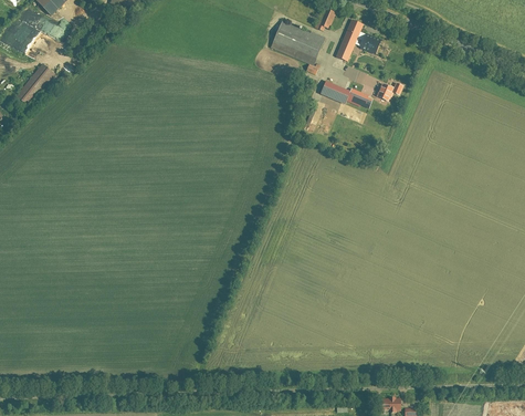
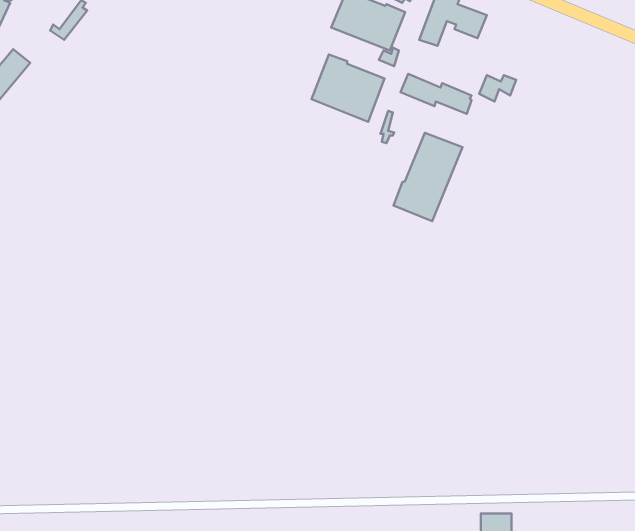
building: none -> [311,55,385,122]
building: none -> [393,133,462,221]

